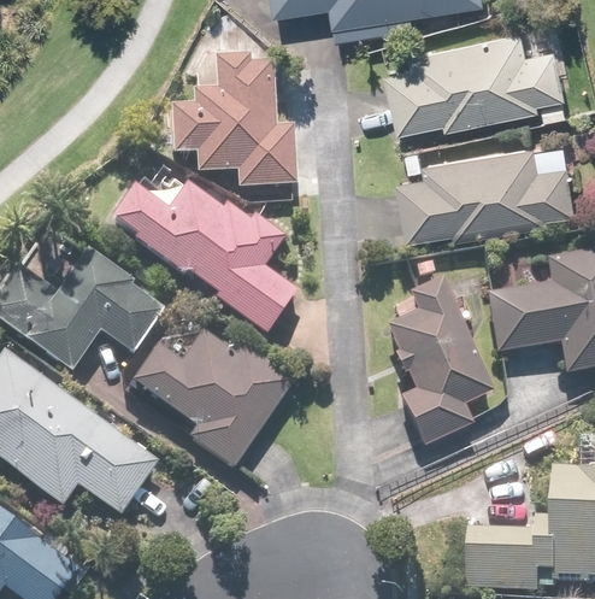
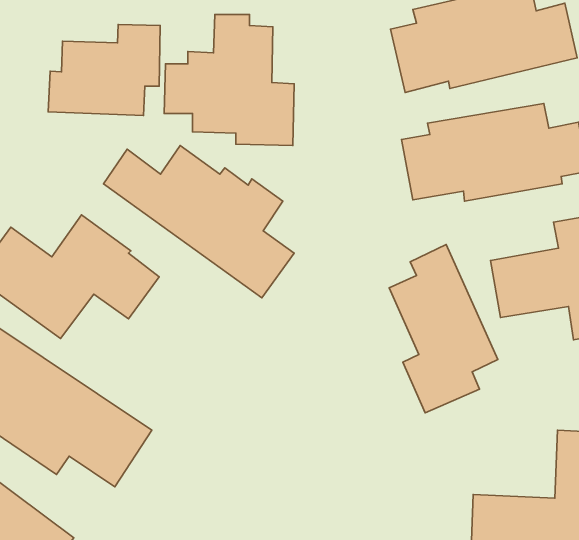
building: none -> [48,25,160,115]
building: [131,331,293,466] -> none

